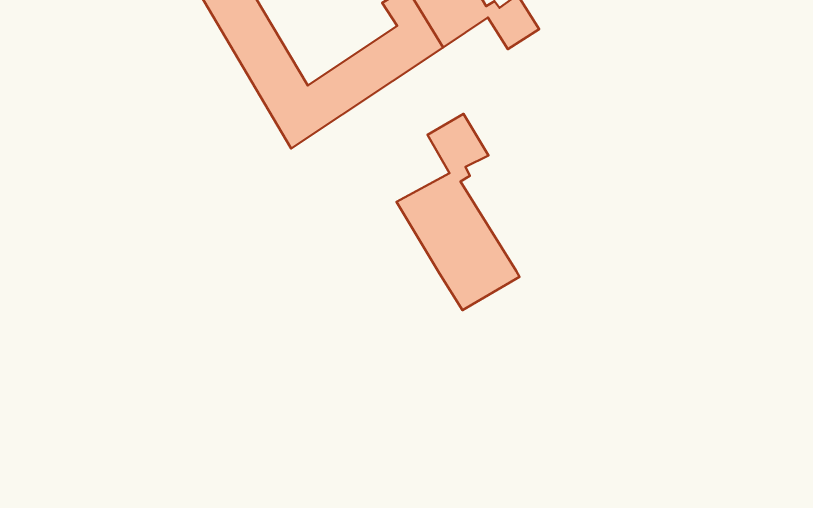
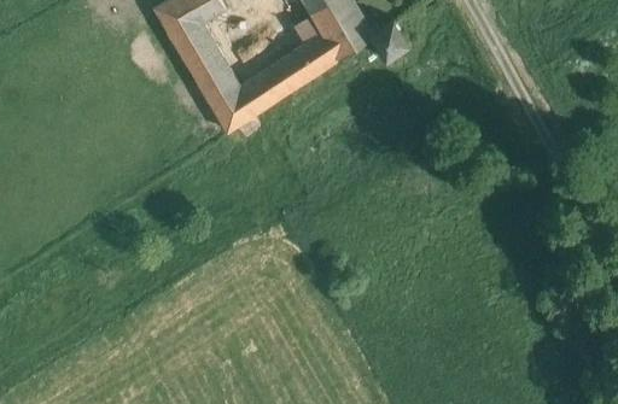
building: [397,114,520,310] -> none

